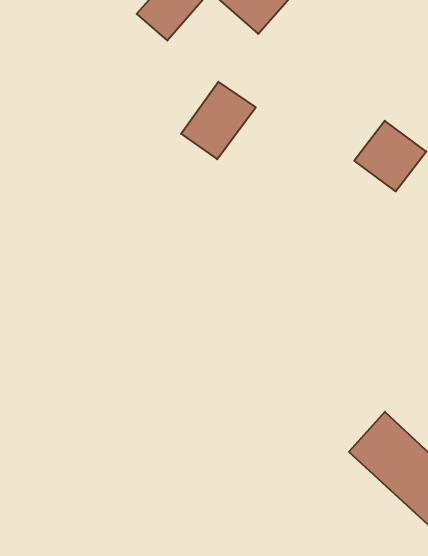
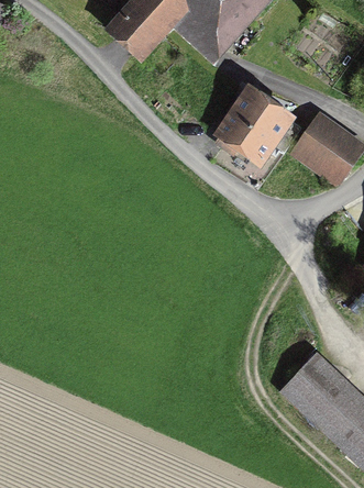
building: [181,82,256,159] -> [224,96,286,159]

